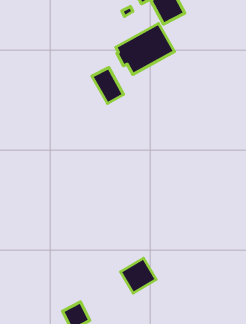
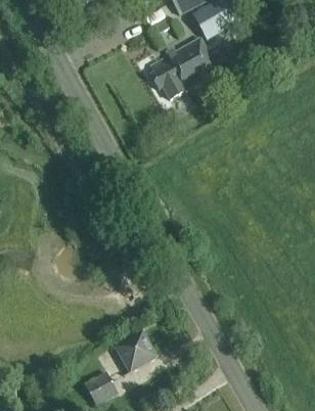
building: [92,68,124,104] -> none
building: [121,258,156,293] -> [116,331,159,373]

